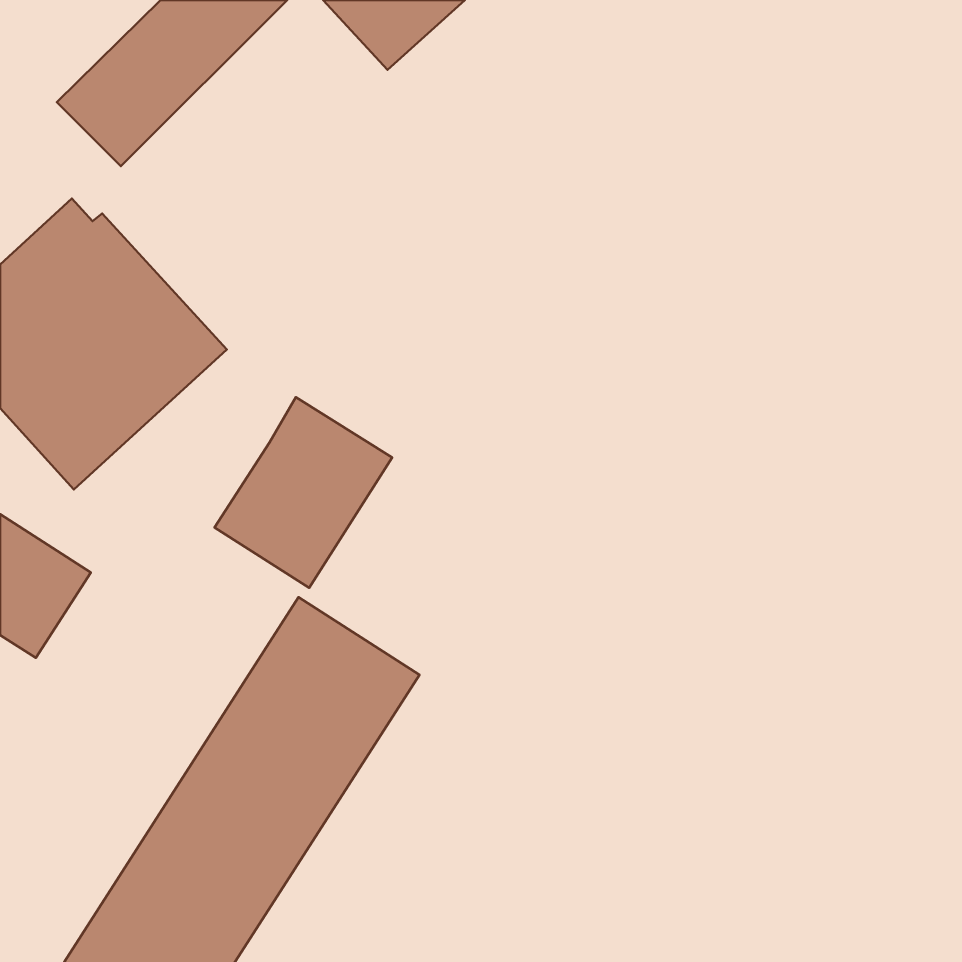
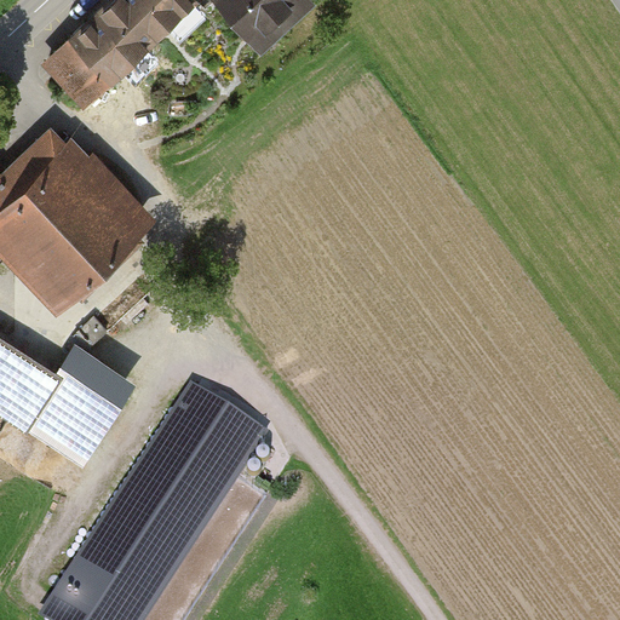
building: [215,397,392,588] -> [25,340,139,463]

